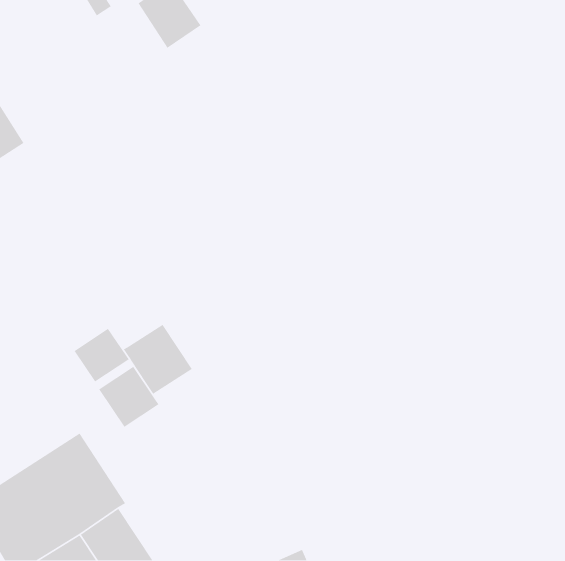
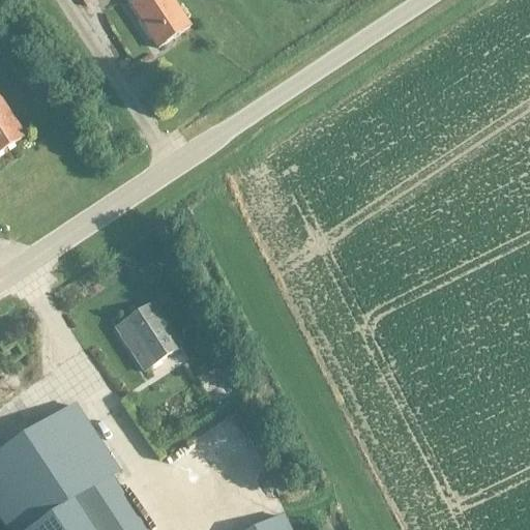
building: [73,328,130,382] -> none
building: [98,366,160,428] -> none

